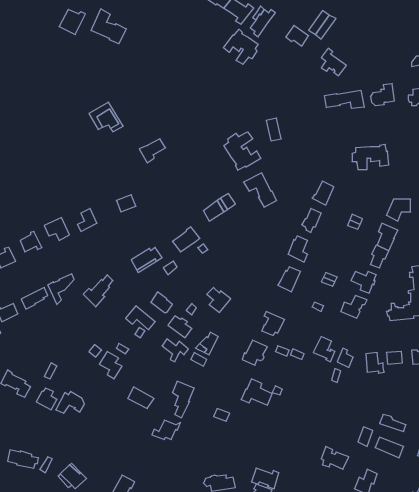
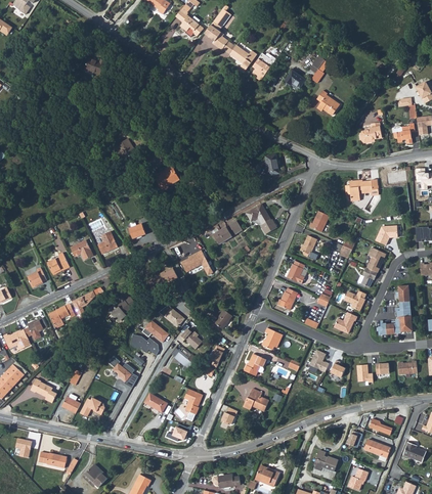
building: [91,9,126,44] -> none
building: [223,29,258,64] -> none
building: [325,90,364,108] -> none
building: [224,132,261,170] -> none

